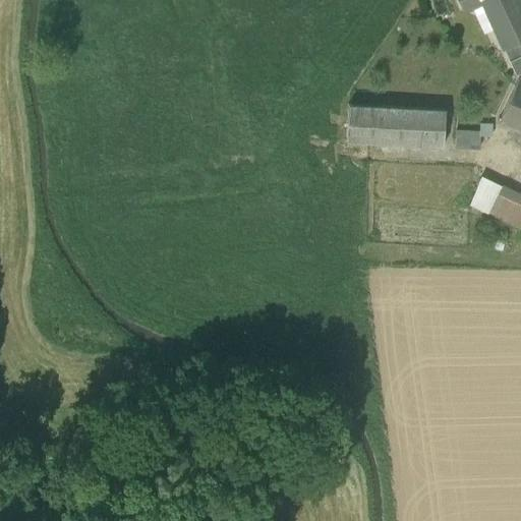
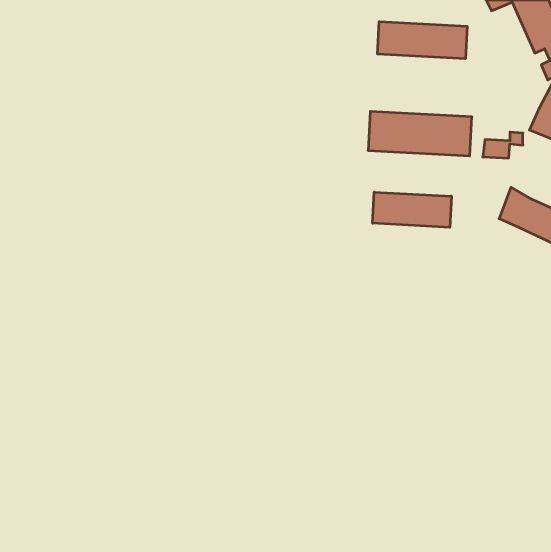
building: none -> [378,22,467,59]
building: none -> [373,192,451,227]

